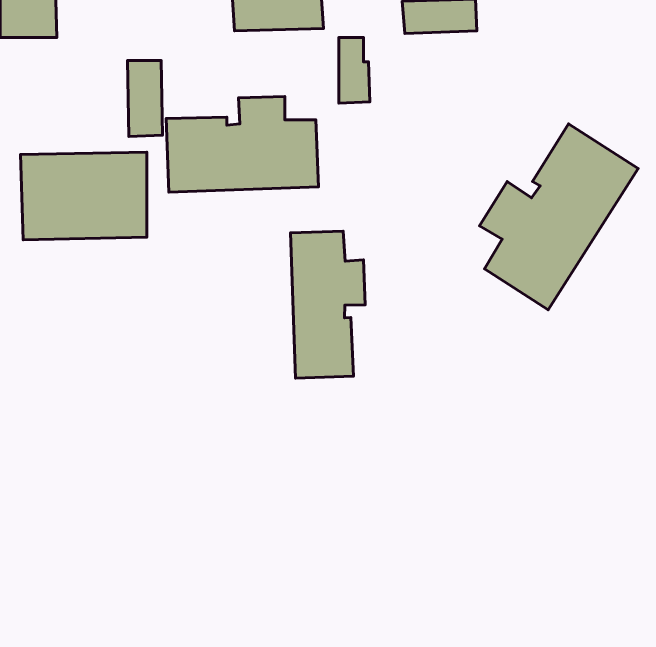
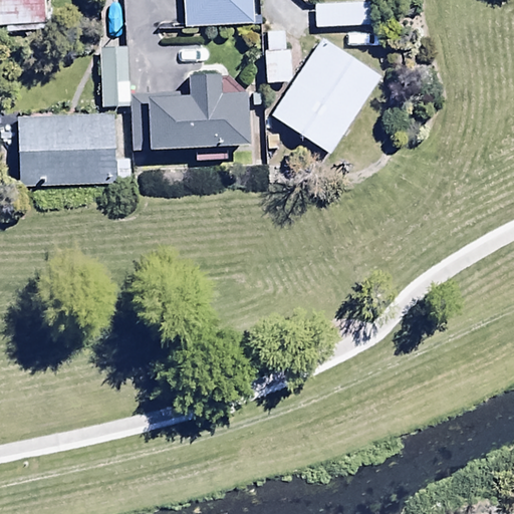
building: none -> [272,37,379,152]
building: [479,124,638,310] -> none
building: [291,231,365,378] -> none

